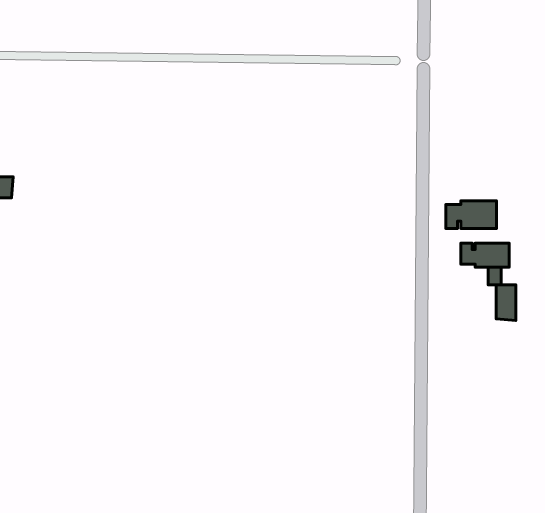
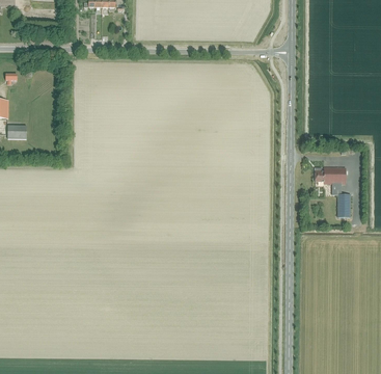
building: [446,201,497,229] -> none

